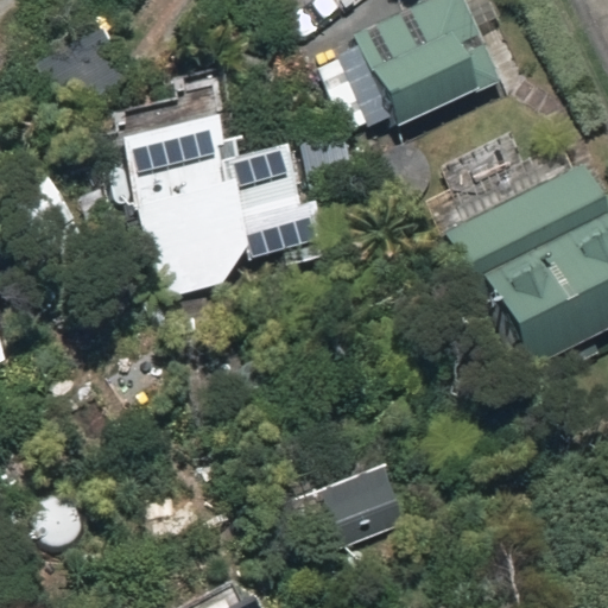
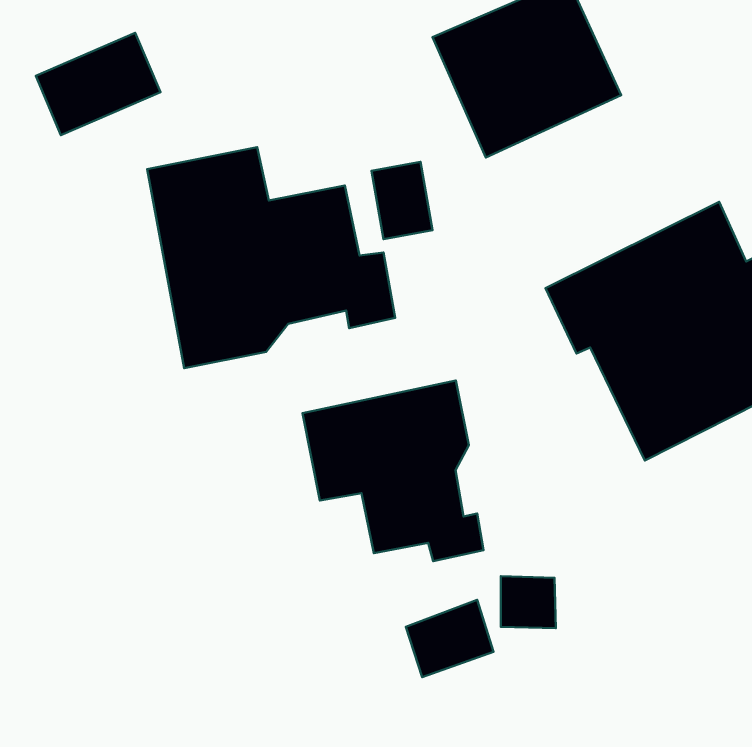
building: none -> [302,380,484,561]

